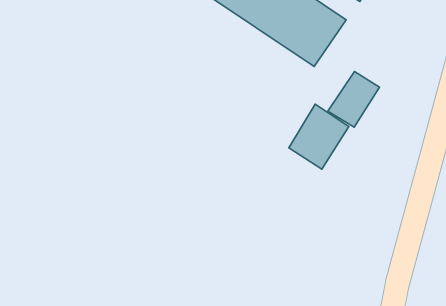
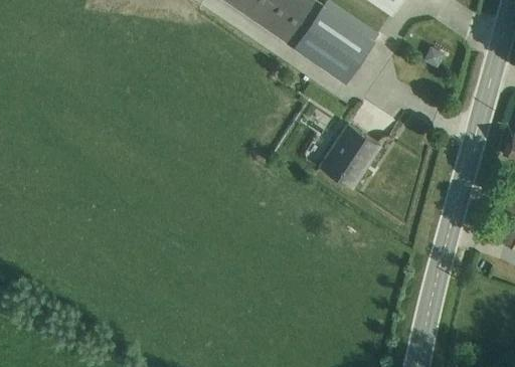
building: [328,71,380,127] -> none

